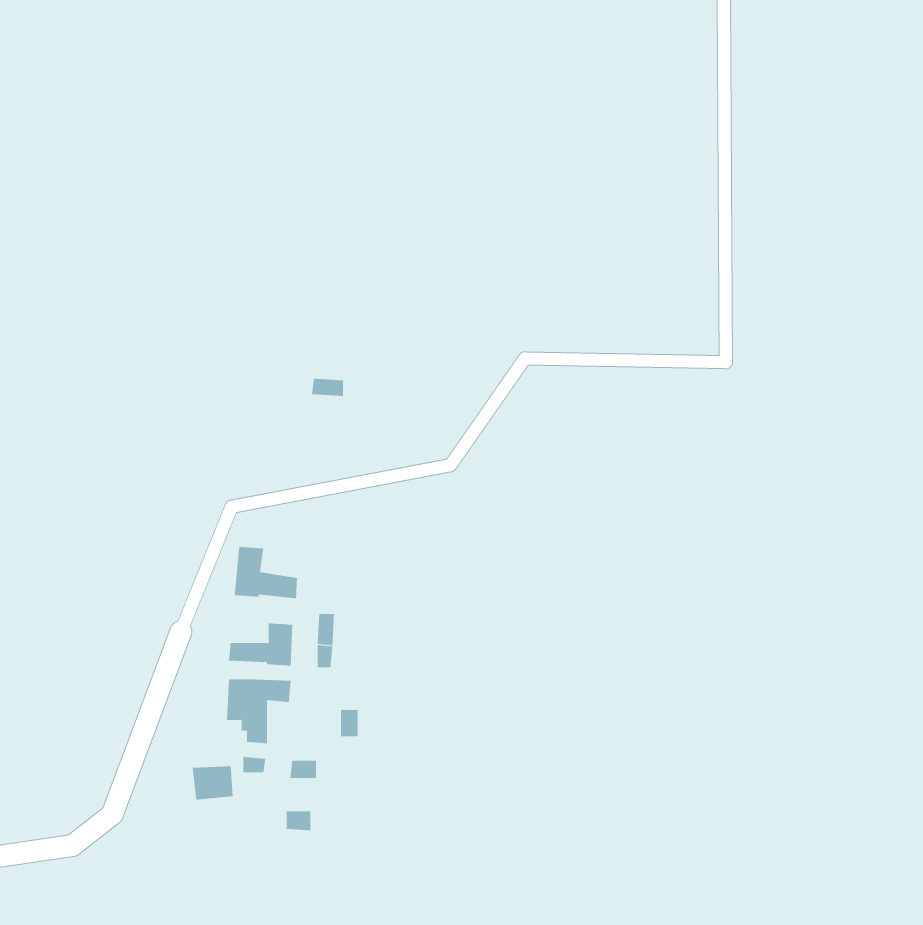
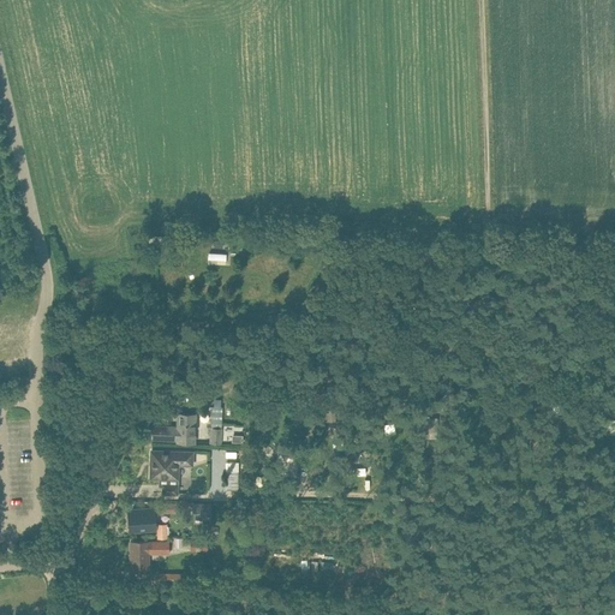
building: [234,546,298,599] -> none
building: none -> [132,542,168,572]

